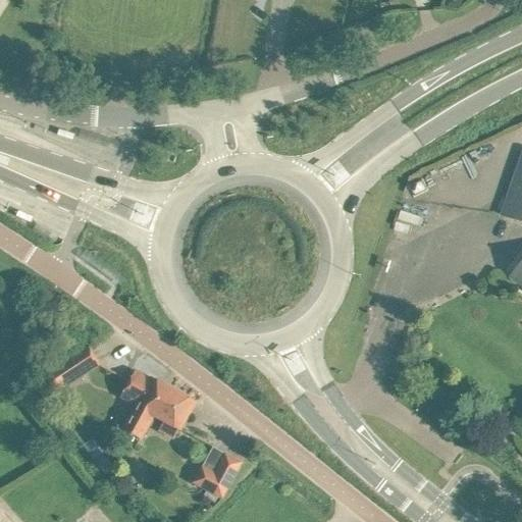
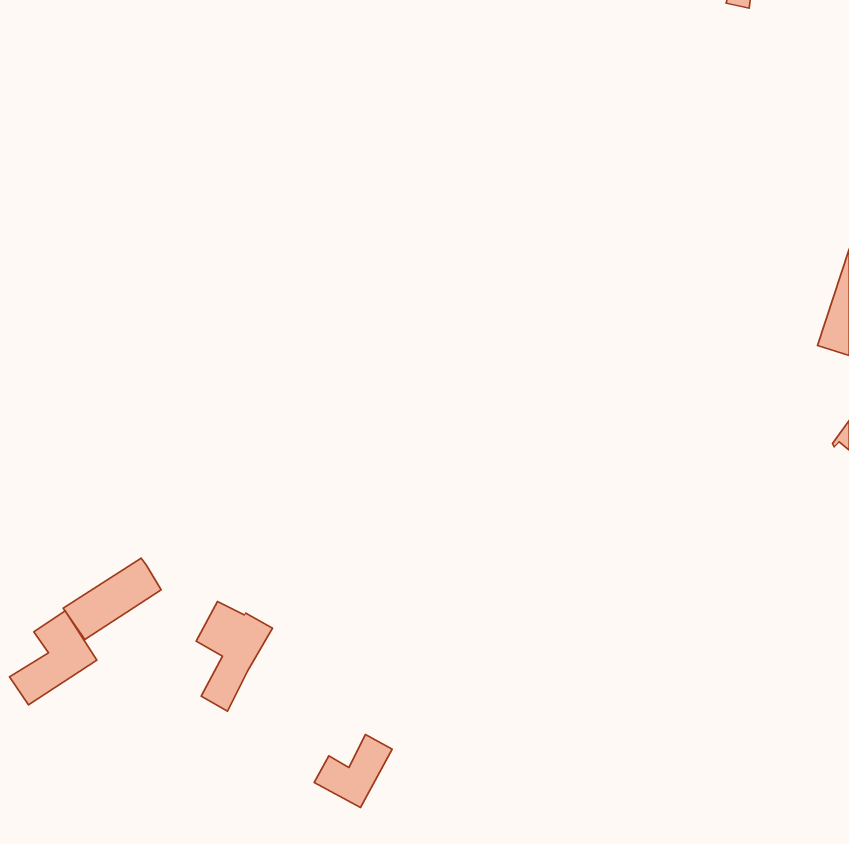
building: none -> [9,611,97,705]
building: [152,385,194,436] -> none

